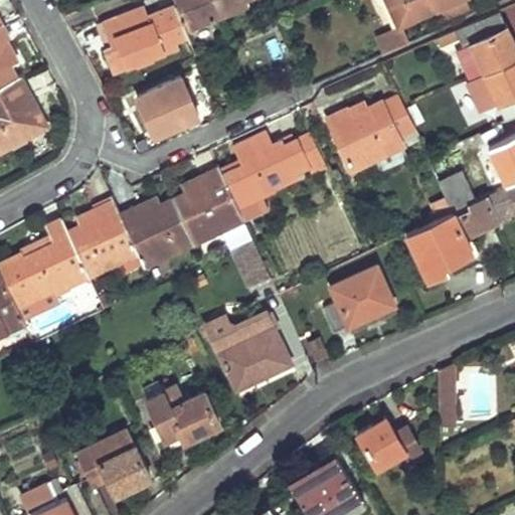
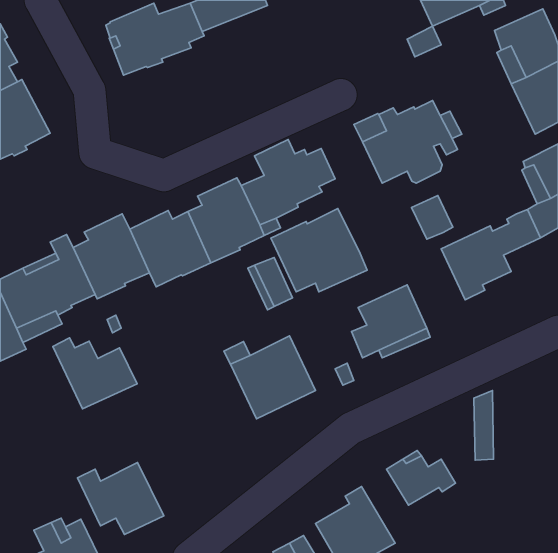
building: [136,77,198,138] -> none
building: [438,172,476,212] -> [411,195,453,239]
building: none -> [271,209,367,292]
building: [142,383,219,449] -> [53,338,137,409]

